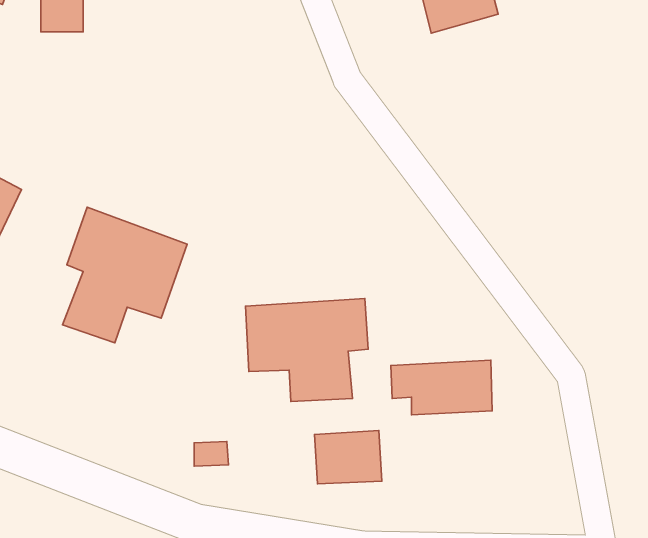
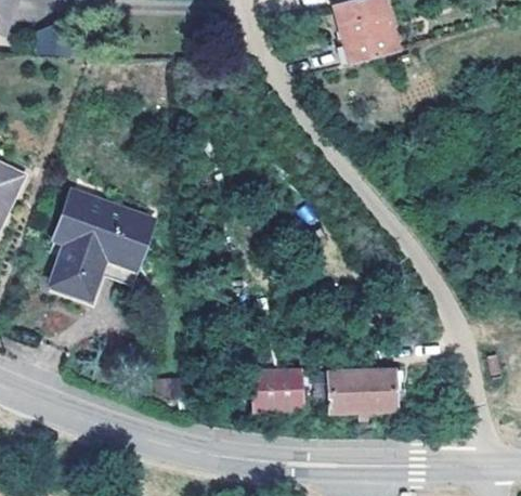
building: [245,298,368,401] -> none
building: [391,360,492,415] -> [316,370,396,414]

